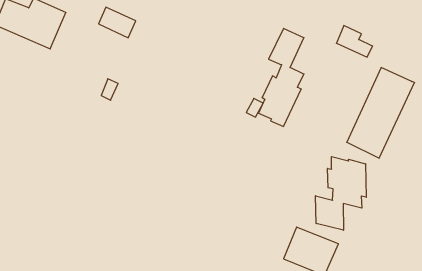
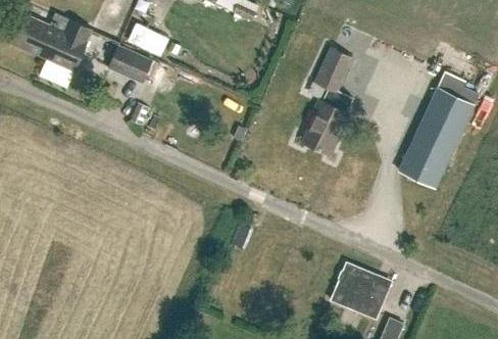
building: [336,26,373,57] -> [438,70,478,105]
building: none -> [108,45,153,84]
building: [316,157,366,230] -> none

